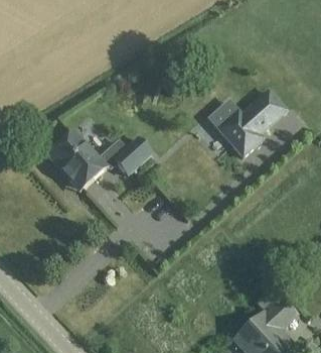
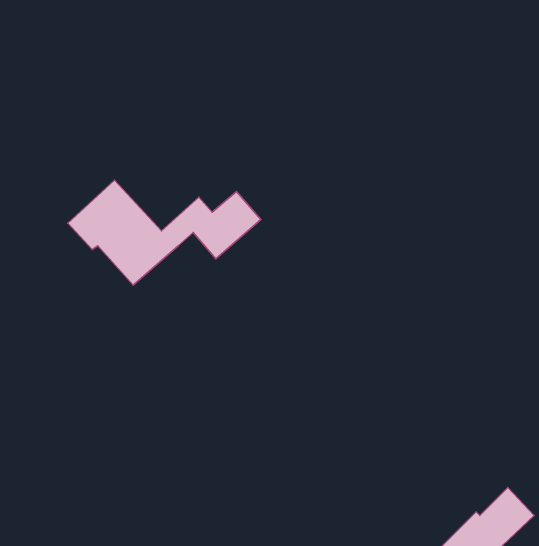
building: [217,90,285,154] -> none

